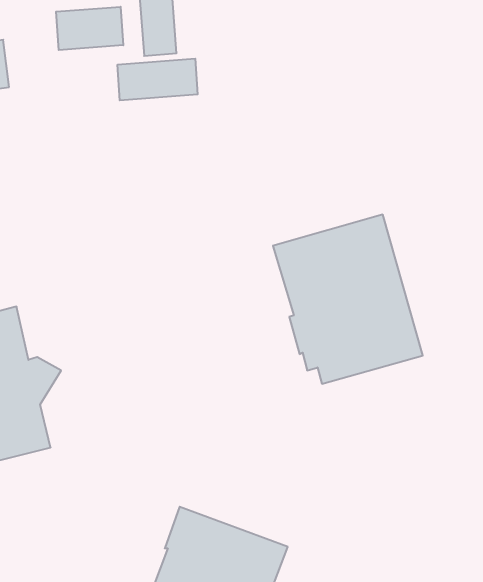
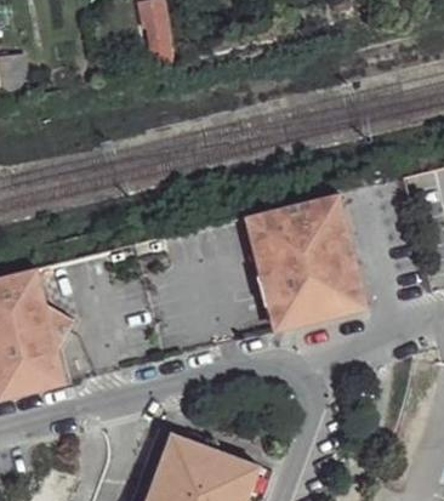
building: [56,7,123,50] -> none
building: [118,59,198,100] -> none

